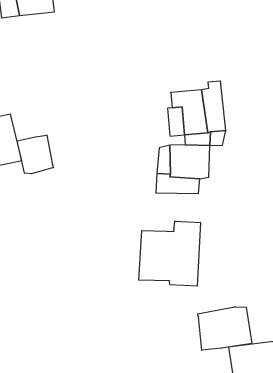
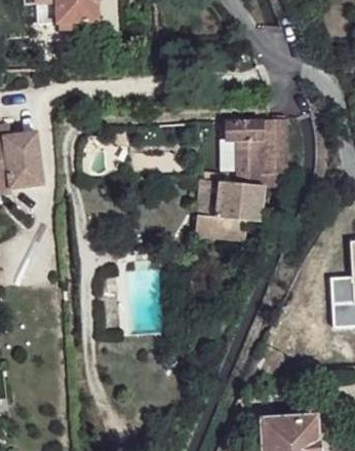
building: [17,135,53,174] -> none
building: [139,221,200,286] -> none
building: [197,307,252,350] -> none

